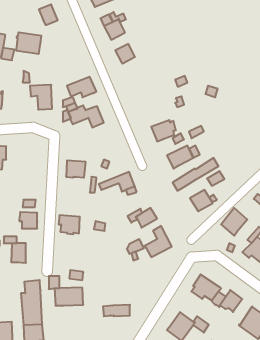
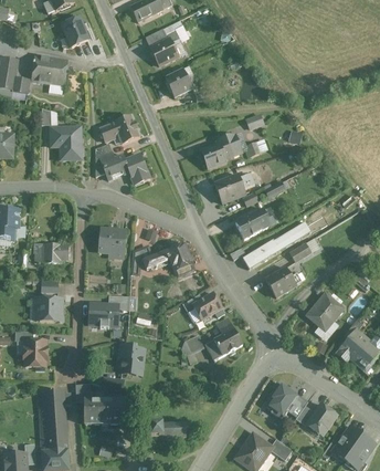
building: none -> [202,134,241,167]
building: none -> [35,242,68,262]
building: none -> [119,344,145,373]

